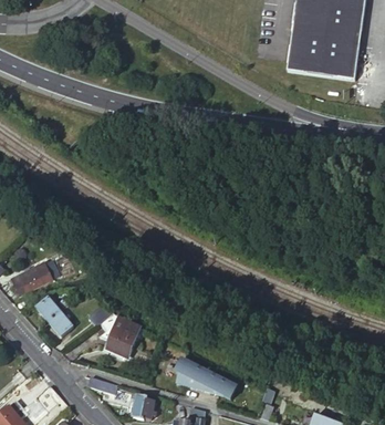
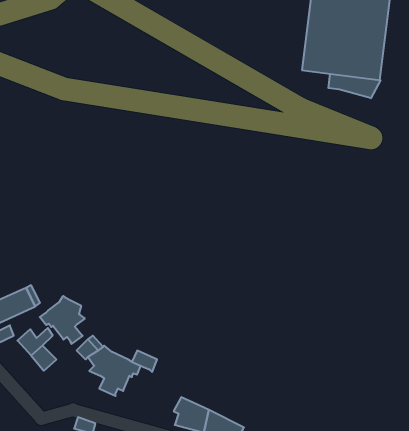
building: none -> [328,74,381,98]
building: none -> [40,296,85,344]

